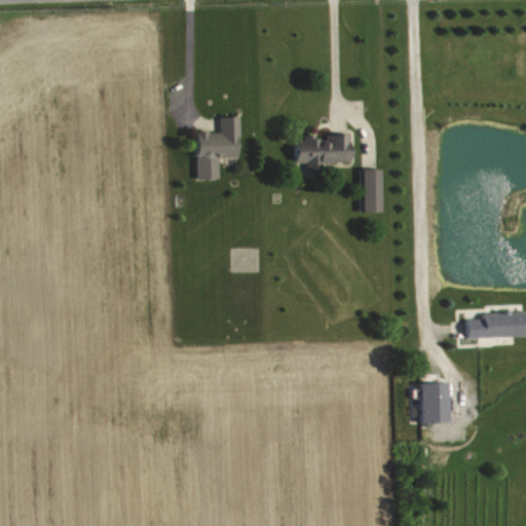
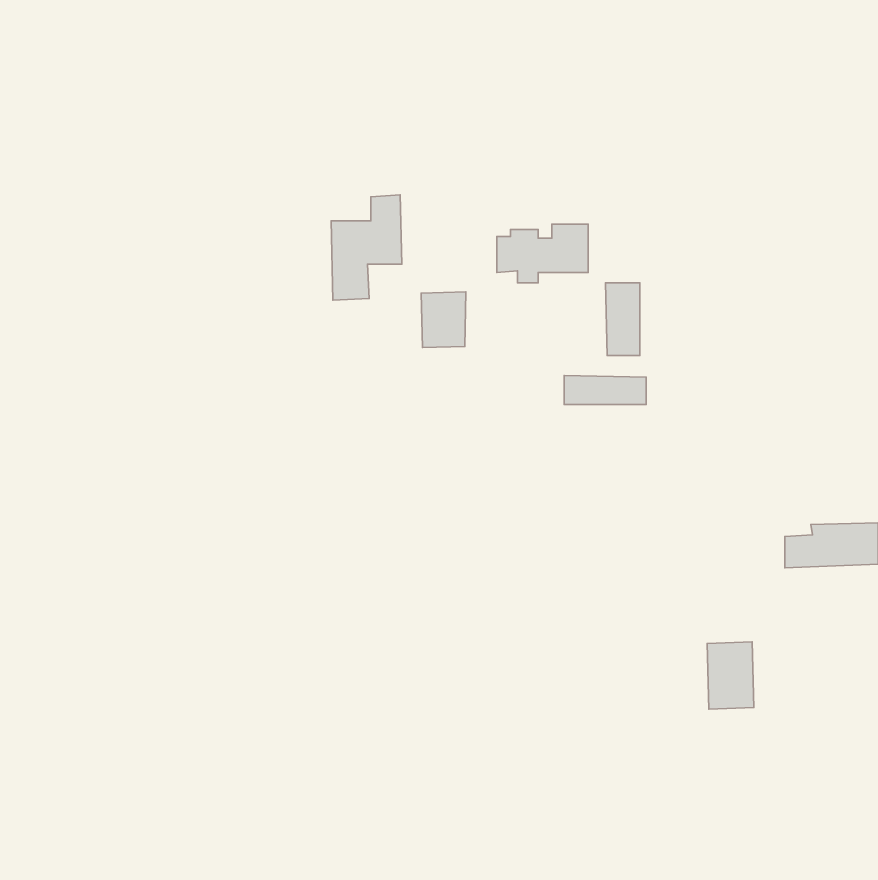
building: none -> [421,292,466,347]
building: none -> [564,376,646,404]

